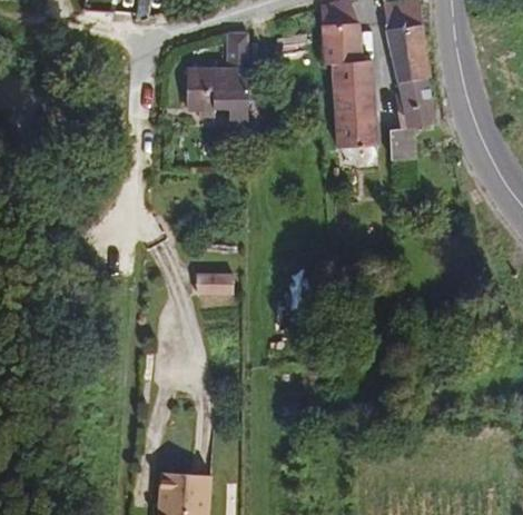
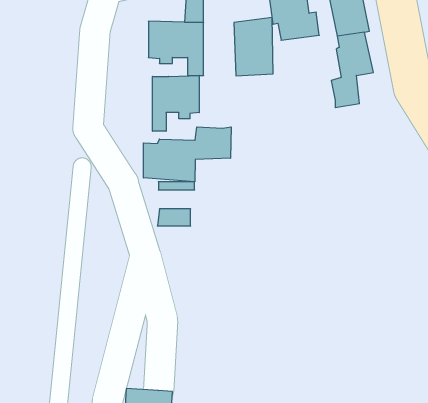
building: [333,81,376,146] -> [234,18,273,76]
building: none -> [153,75,199,131]
building: none -> [144,127,231,182]

